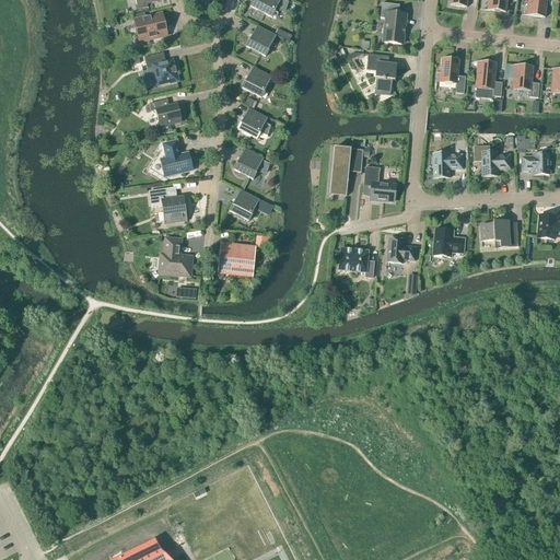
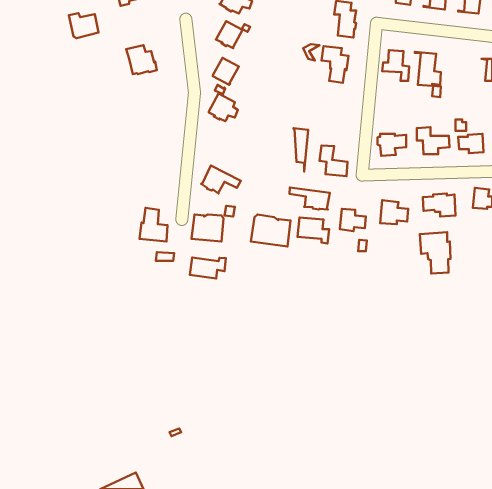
building: [132,11,166,39] -> [69,13,99,38]
building: [509,62,538,96] -> none
building: [149,97,180,128] -> none
building: [160,139,191,175] -> none
building: [233,147,268,178] -> none
building: [149,187,186,222] -> none
building: none -> [289,188,330,210]
building: none -> [251,215,290,246]
building: none -> [420,232,451,274]
building: none -> [190,257,226,279]

